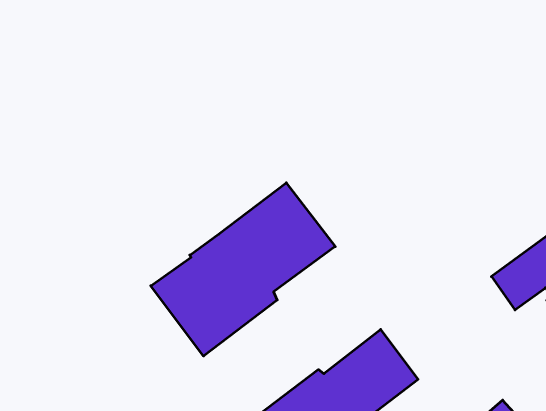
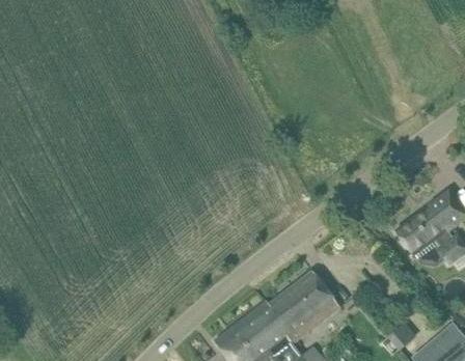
building: [151,183,335,356] -> none

